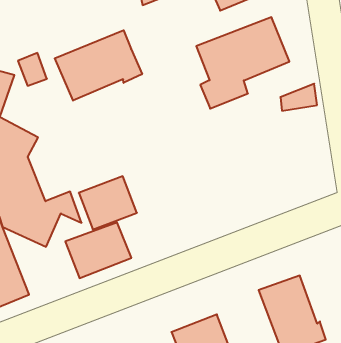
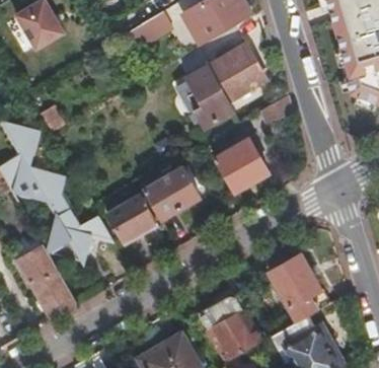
building: [55,30,142,101] -> none
building: none -> [216,141,269,193]
building: [65,222,131,278] -> [144,167,201,218]

